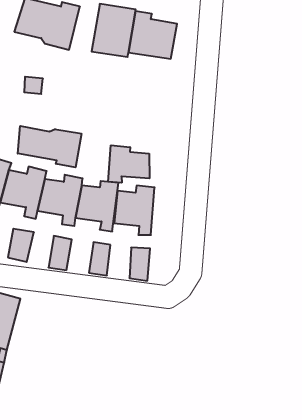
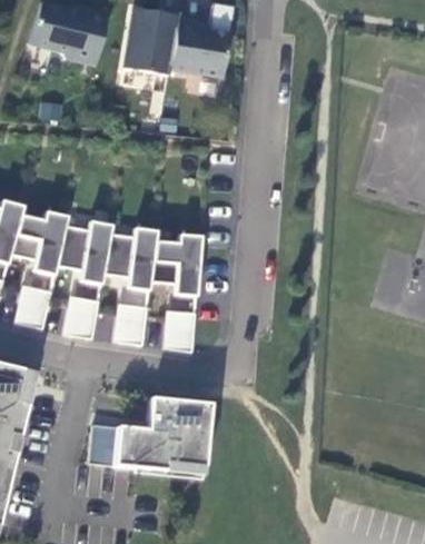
building: [18,126,81,167] -> none
building: [108,145,149,183] -> none
building: none -> [87,398,209,473]

